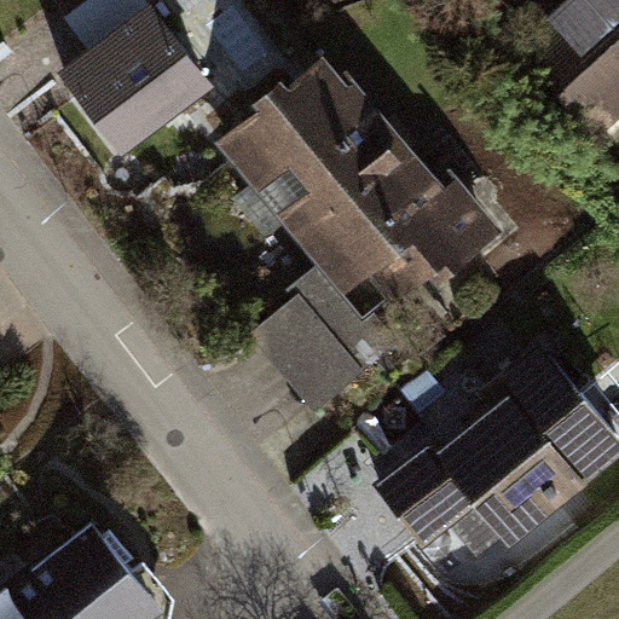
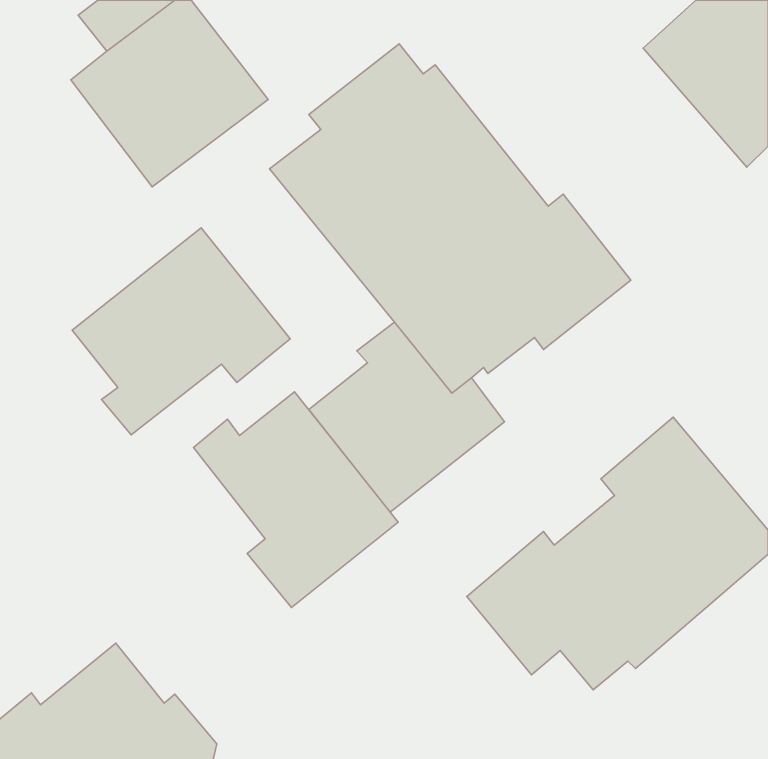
building: none -> [72,228,290,435]
building: none -> [194,392,398,607]

